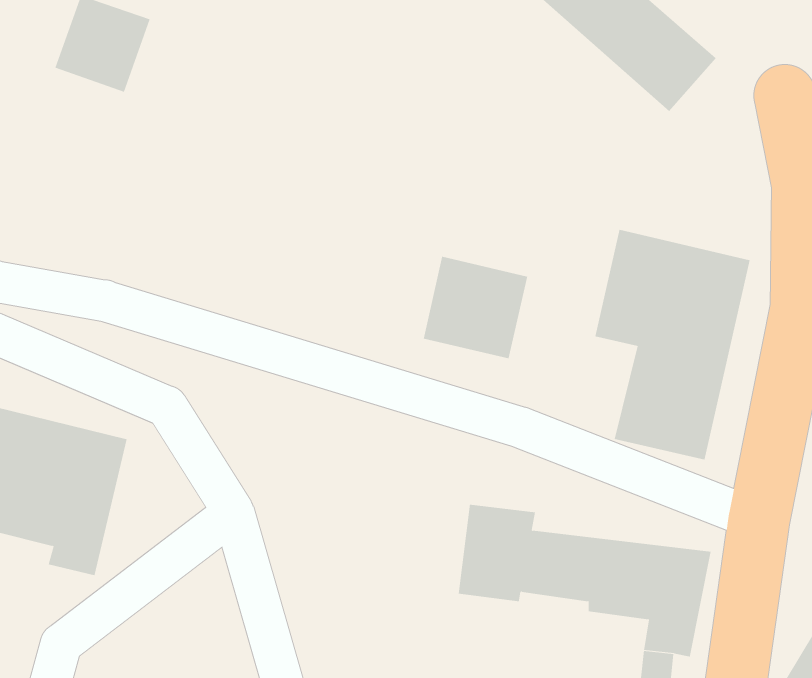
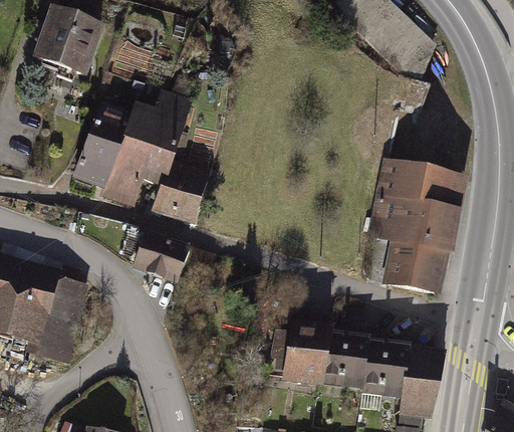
building: none -> [74,94,203,223]
building: [423,256,528,359] -> none
building: none -> [135,234,188,279]

